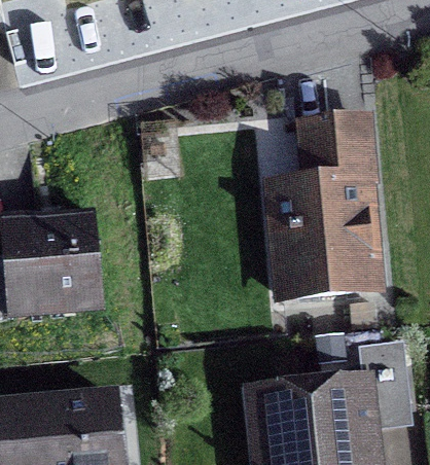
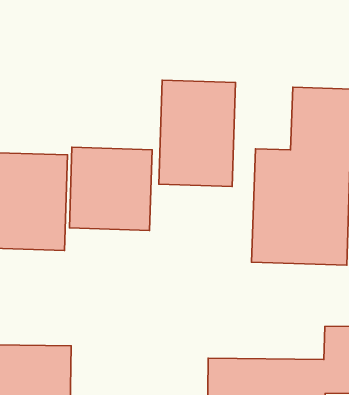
building: none -> [159,80,235,187]
building: none -> [69,147,152,231]

